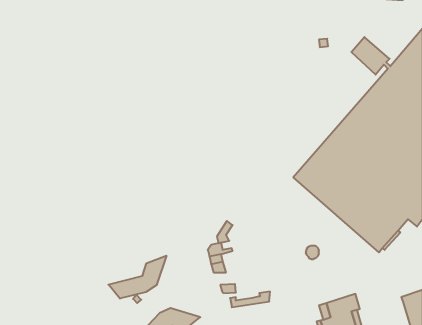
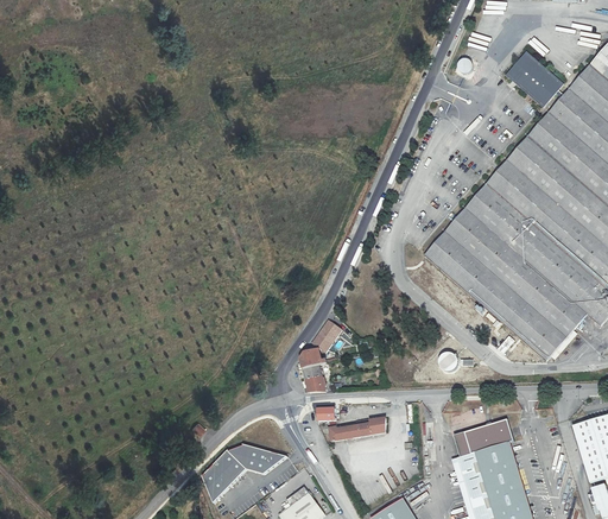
building: [108,256,166,299] -> none

